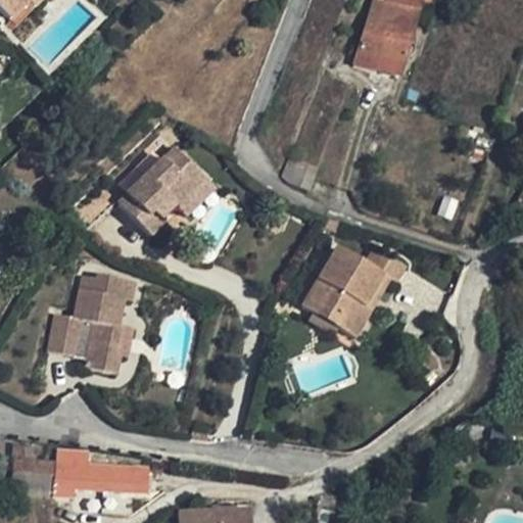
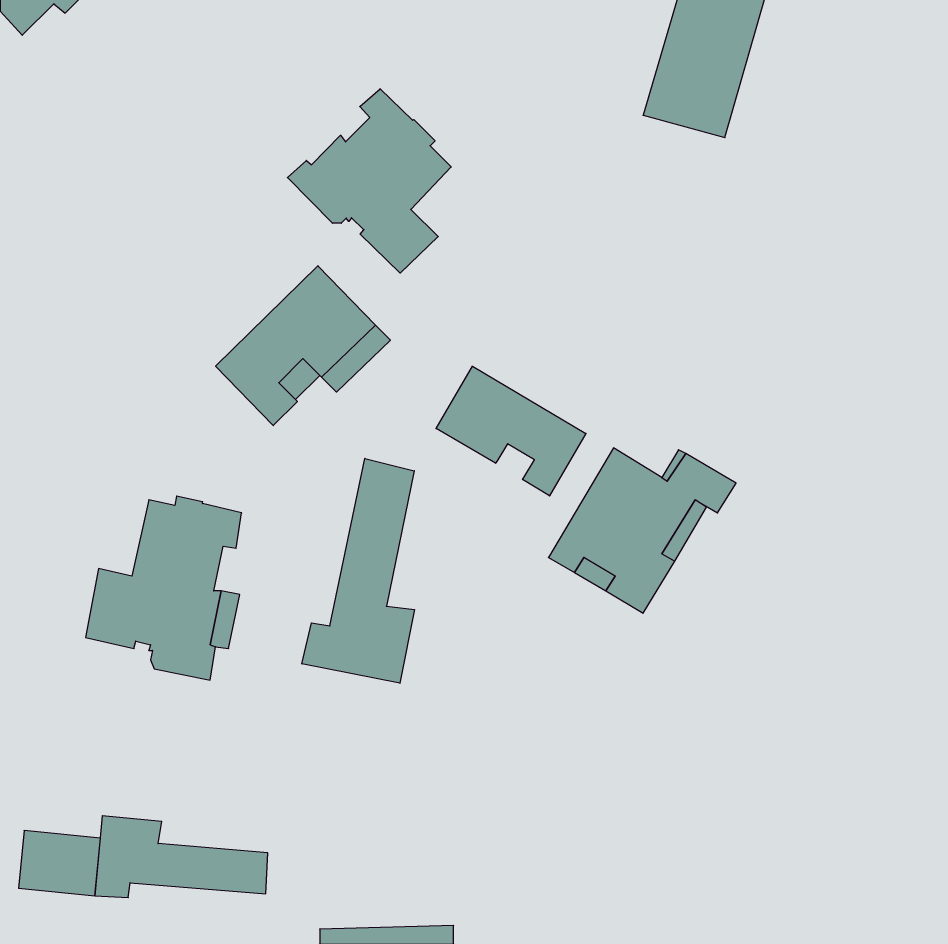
building: none -> [287,89,451,273]
building: none -> [436,366,586,496]
building: none -> [302,458,414,683]

